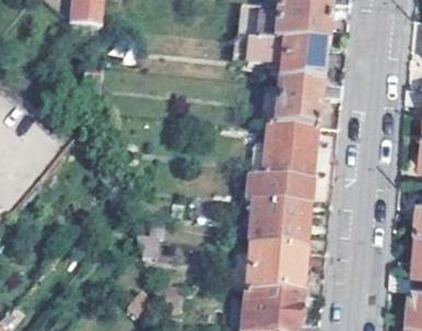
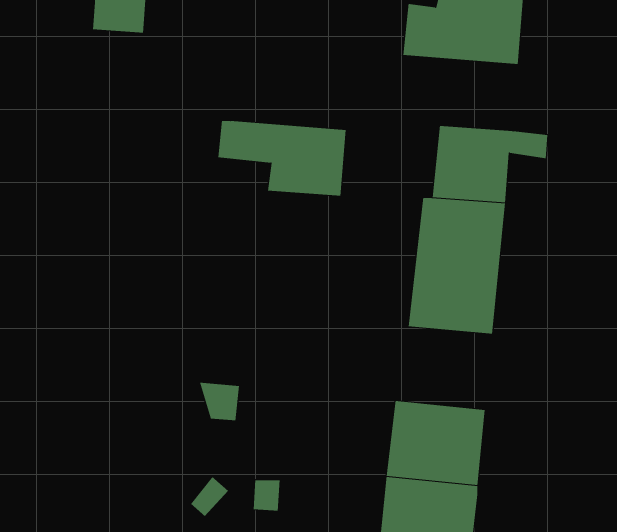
building: [248,35,325,80] -> [217,121,347,196]
building: [248,194,309,245] -> none

